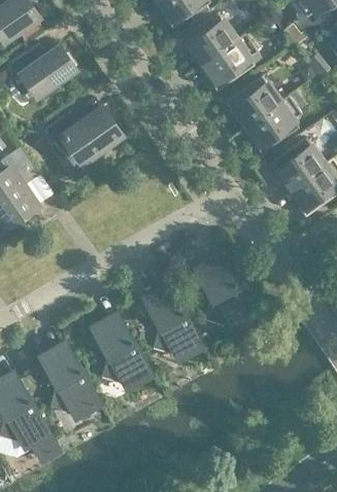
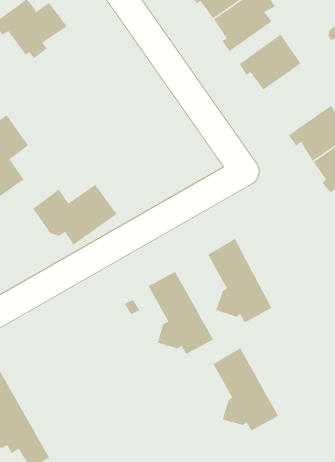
building: [245,96,300,153] -> none
building: [44,108,120,163] -> [32,184,118,246]
building: [92,313,150,387] -> [212,347,279,432]
building: [40,343,99,417] -> none

